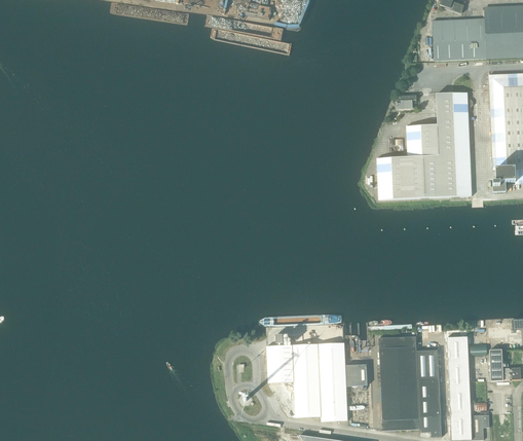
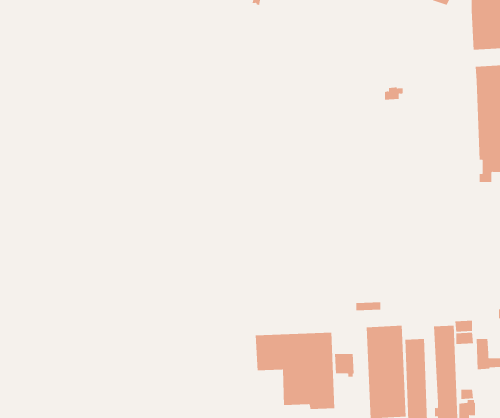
building: [432,17,486,60] -> none
building: [377,91,473,198] -> none

